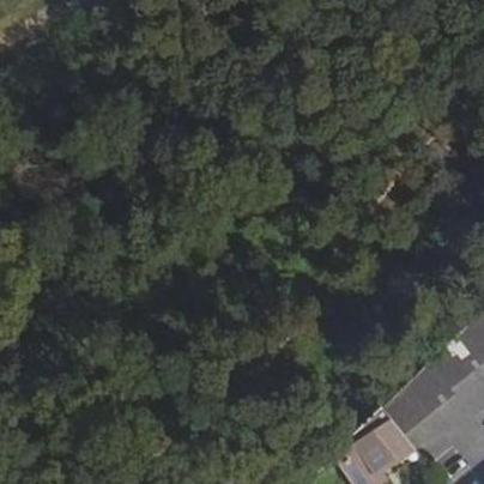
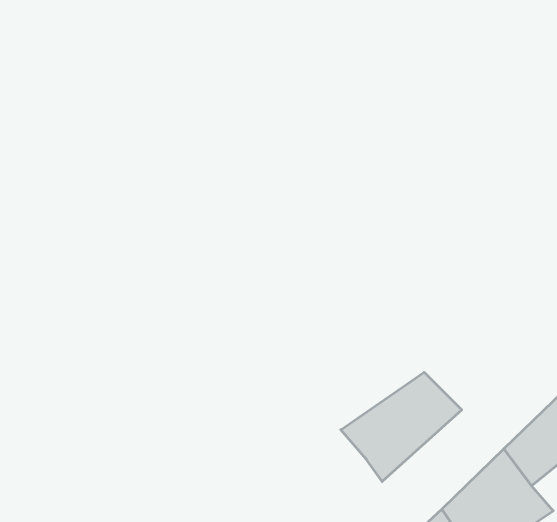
building: none -> [341,372,462,482]

